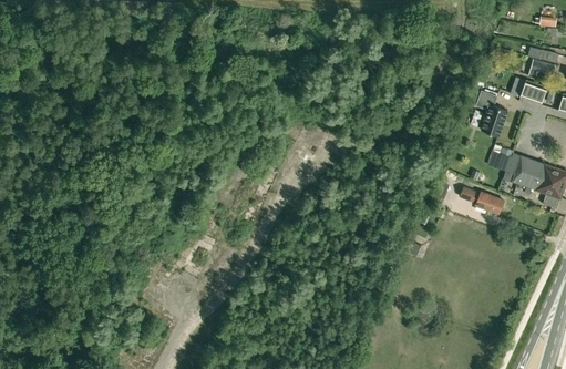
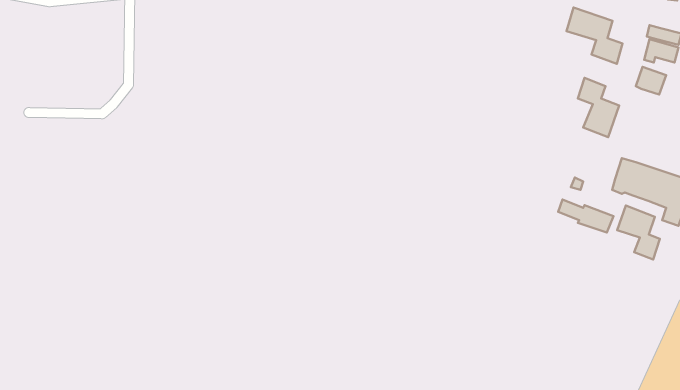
building: none -> [567,7,622,64]
building: none -> [617,206,660,260]

